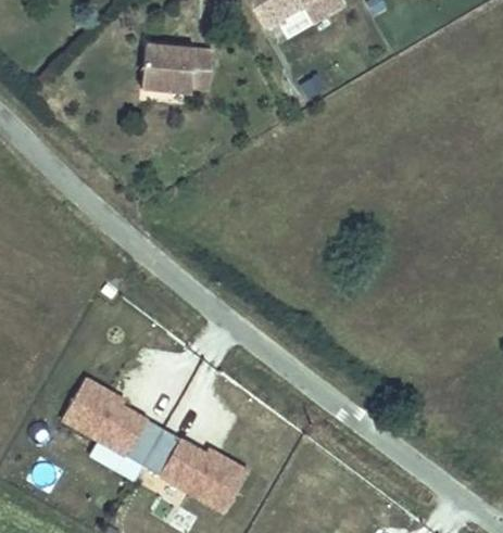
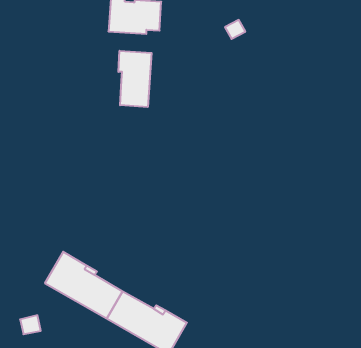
building: none -> [118,51,152,107]

